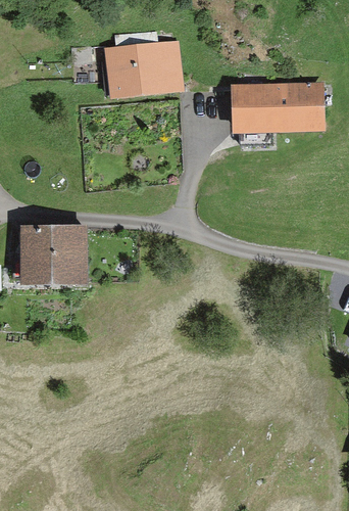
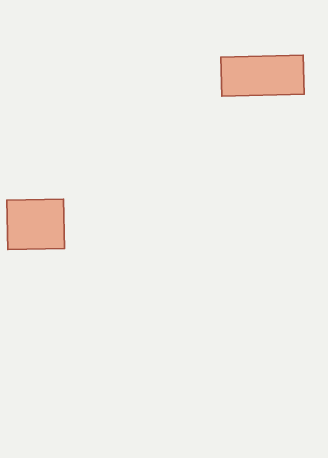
building: [108,44,178,94] -> none

